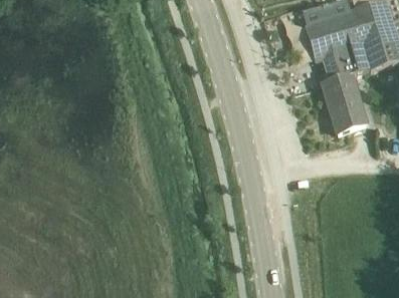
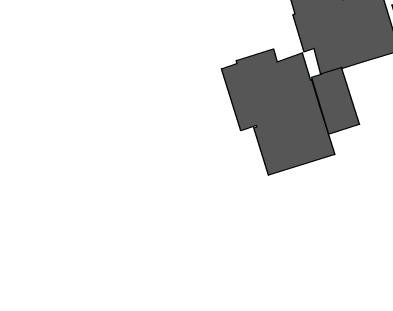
building: none -> [221,49,335,175]

